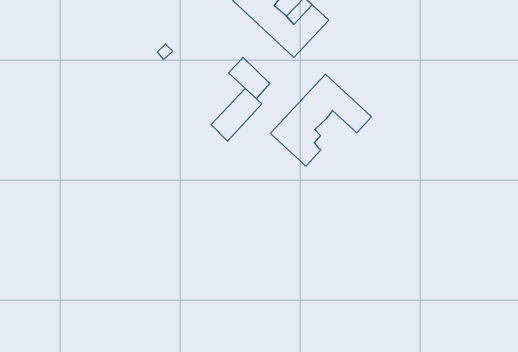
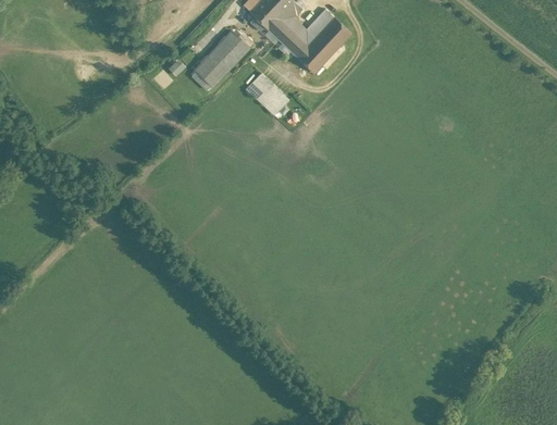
building: [271,74,372,166] -> none
building: [211,88,262,141] -> [195,30,248,86]

